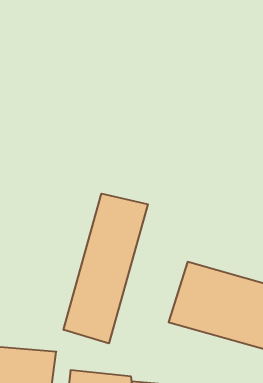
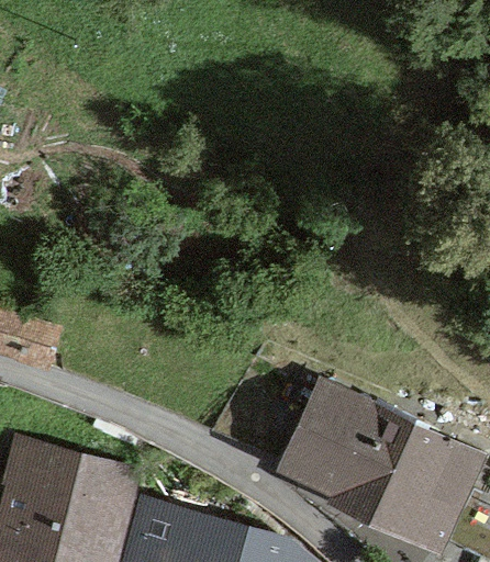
building: [64,194,148,343] -> none

